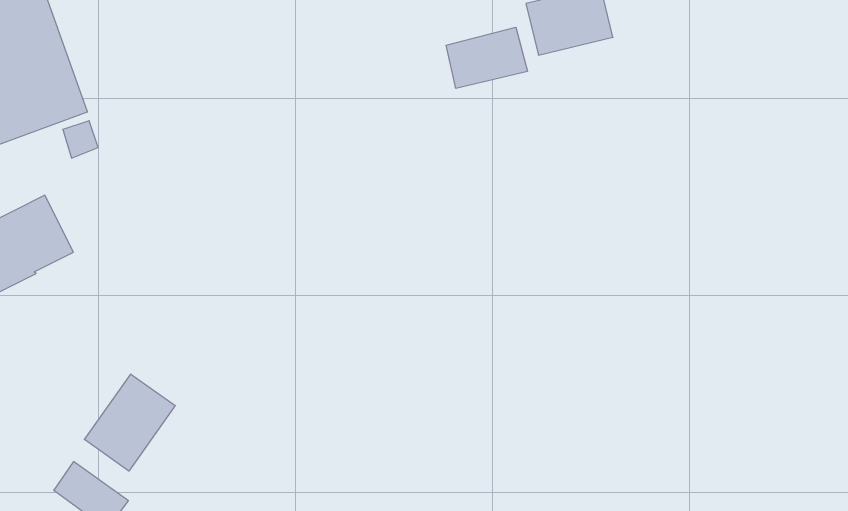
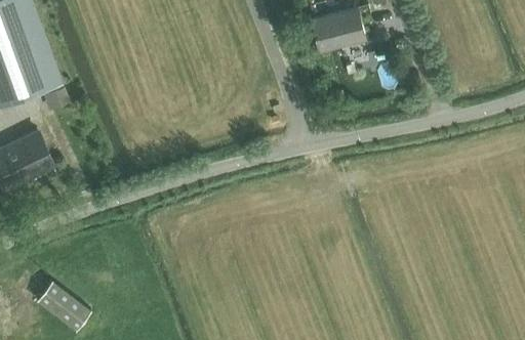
building: [446,27,527,88] -> none
building: [84,374,175,471] -> none

